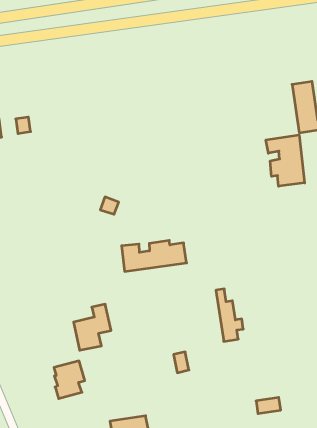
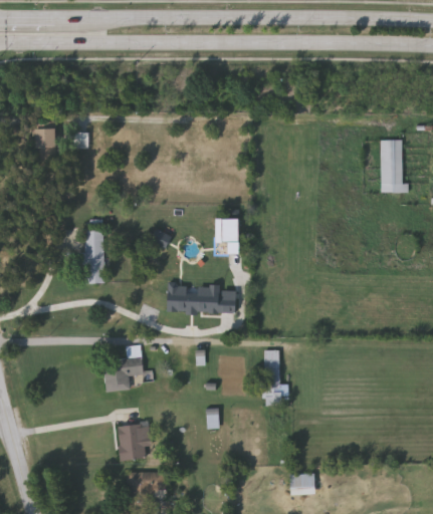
building: [266,135,305,186] -> none
building: none -> [216,220,239,255]
building: none -> [79,230,104,282]
building: [54,361,85,399] -> [117,424,150,461]

